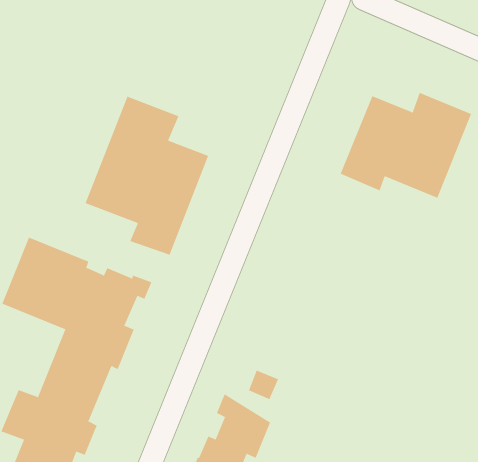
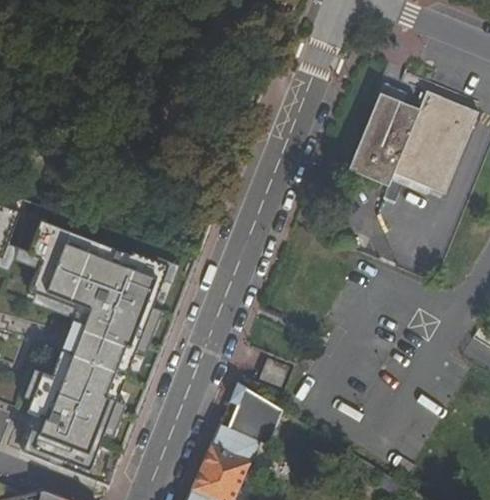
building: [85,96,209,256] -> none

